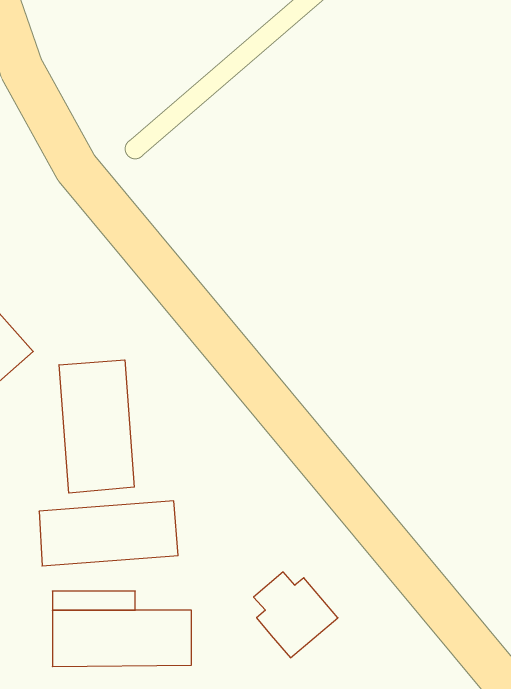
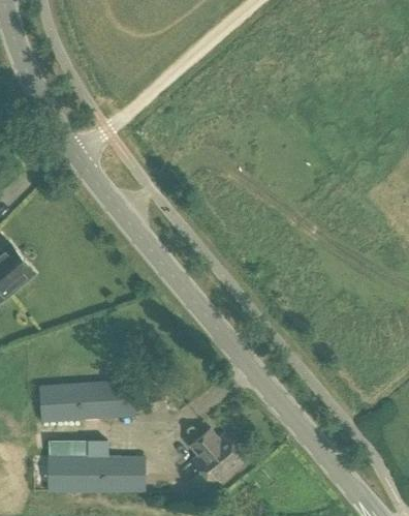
building: [59,360,134,493] -> none

